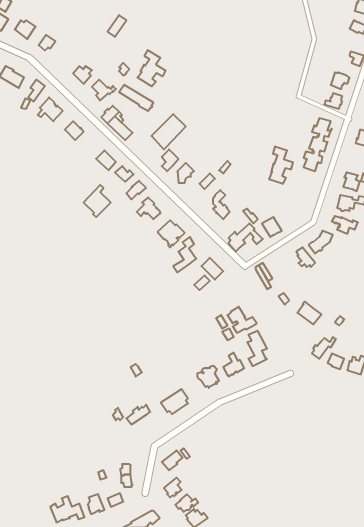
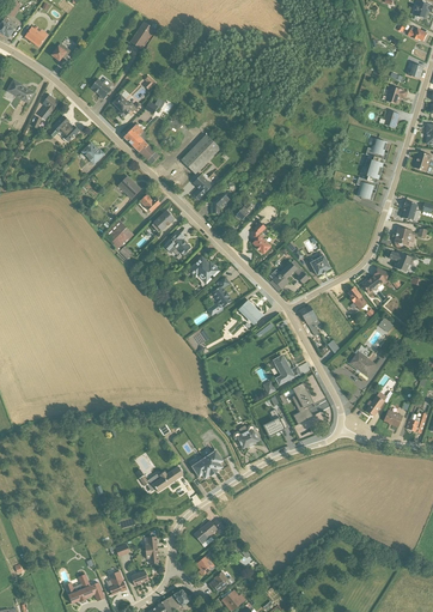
building: [137,50,166,86] -> none
building: [269,146,293,184] -> none

